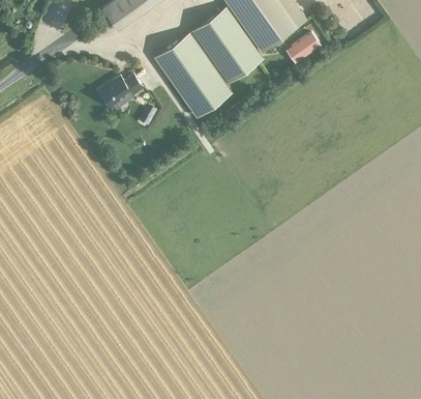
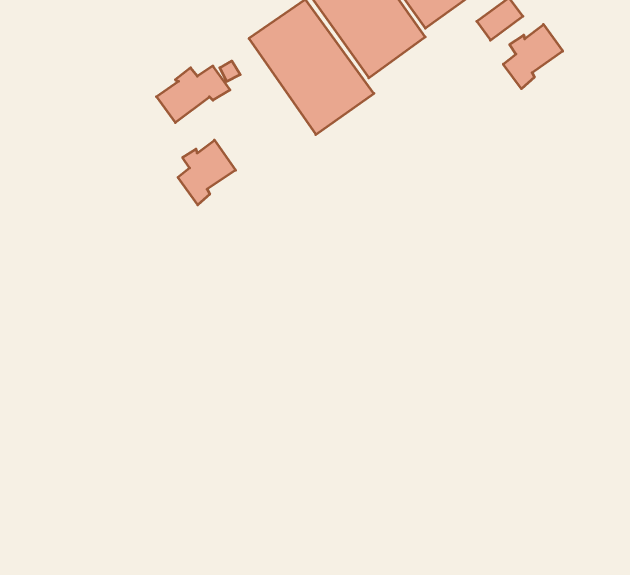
building: none -> [503,24,563,89]
building: none -> [178,140,236,205]

